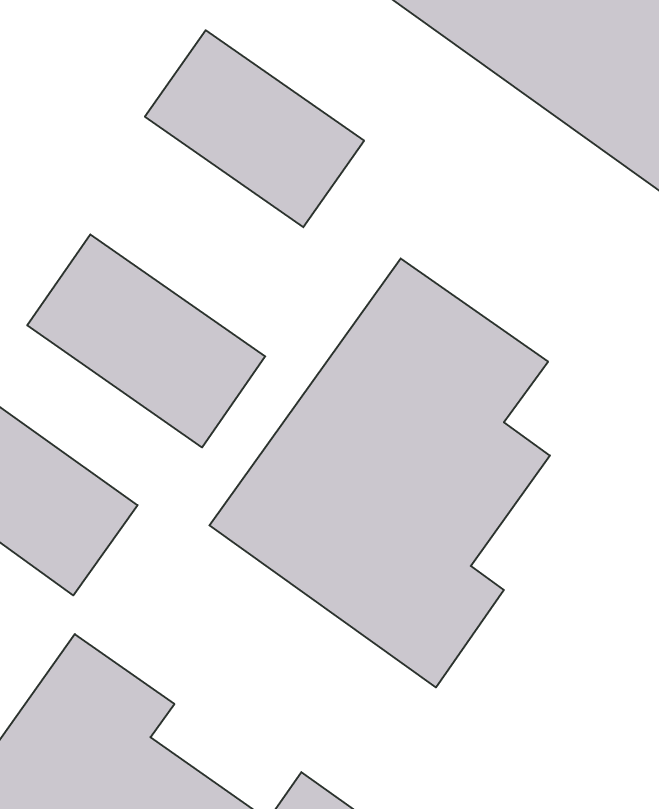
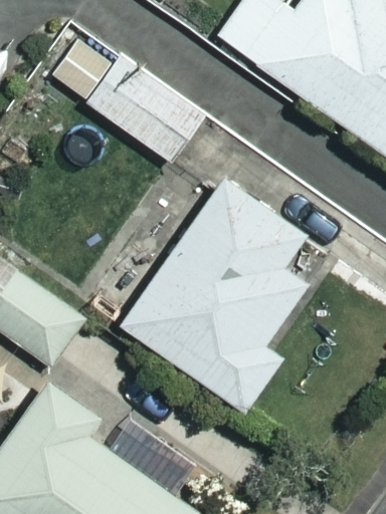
building: [27,234,265,447] -> none

